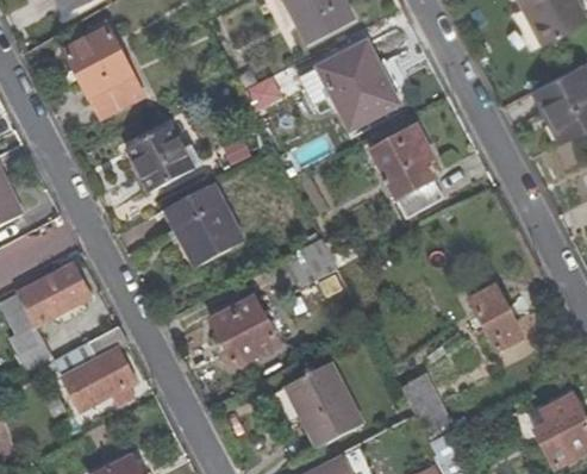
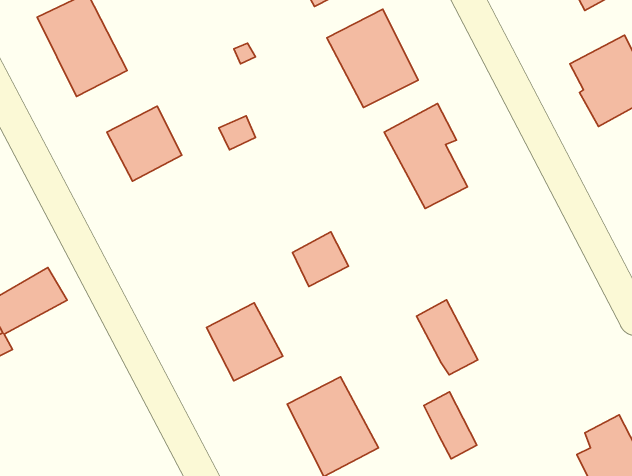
building: [167,181,246,263] -> none
building: [469,285,523,350] -> [416,300,478,375]
building: [65,329,136,416] -> none

